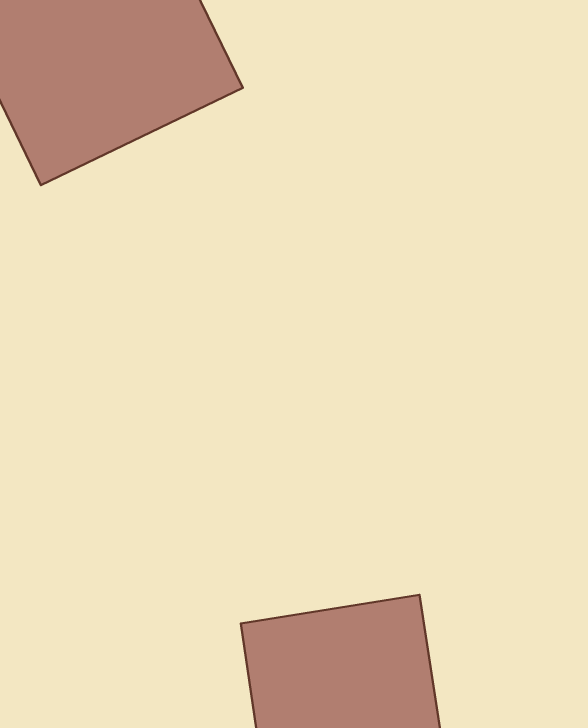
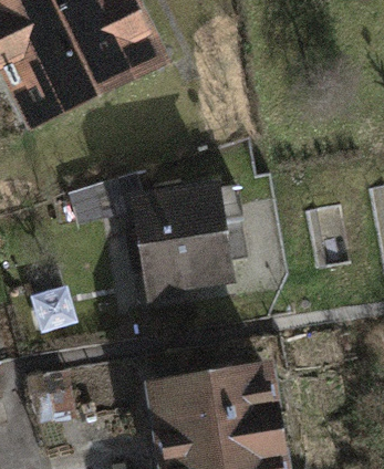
building: none -> [134,185,239,296]

